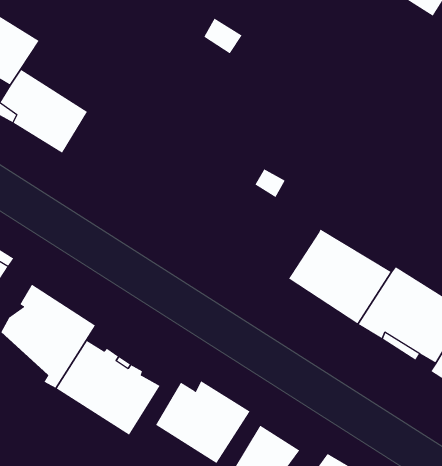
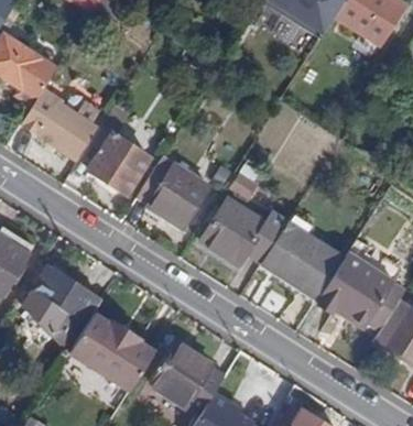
building: none -> [84,127,151,196]
building: none -> [145,156,210,231]
building: none -> [199,198,286,267]

